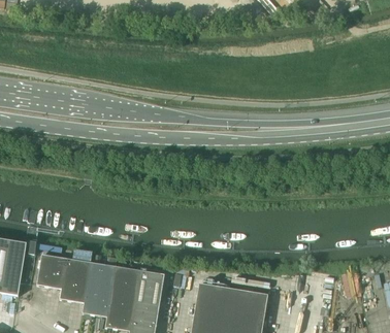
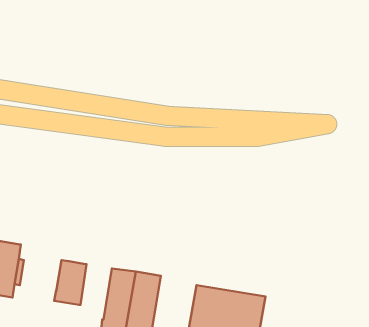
building: [36,255,66,290] -> none
building: [83,263,116,318] -> none

